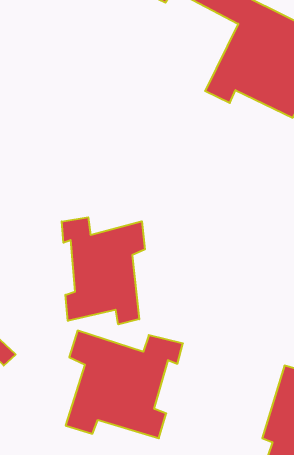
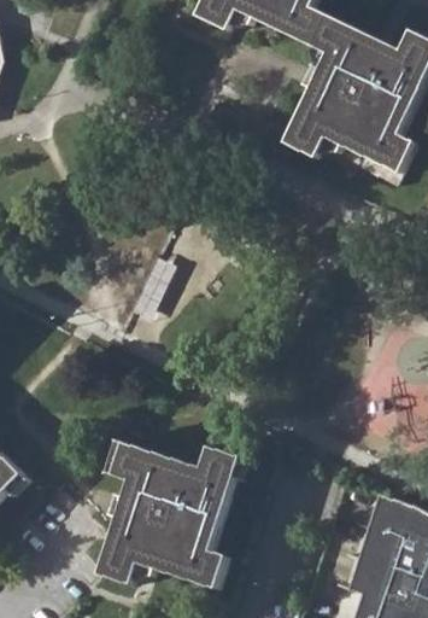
building: [62,217,145,324] -> none

